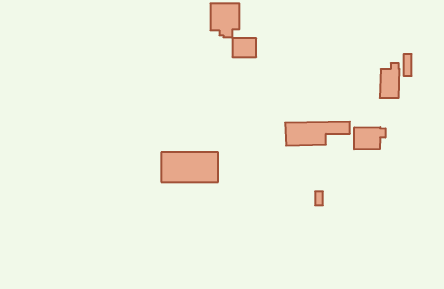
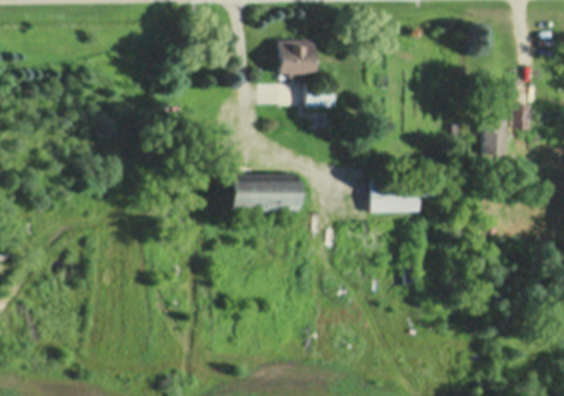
building: [354,127,386,149] -> none
building: [161,152,218,182] -> [229,174,298,210]

